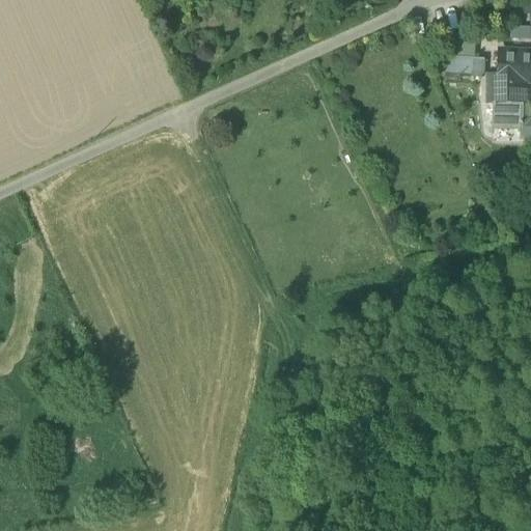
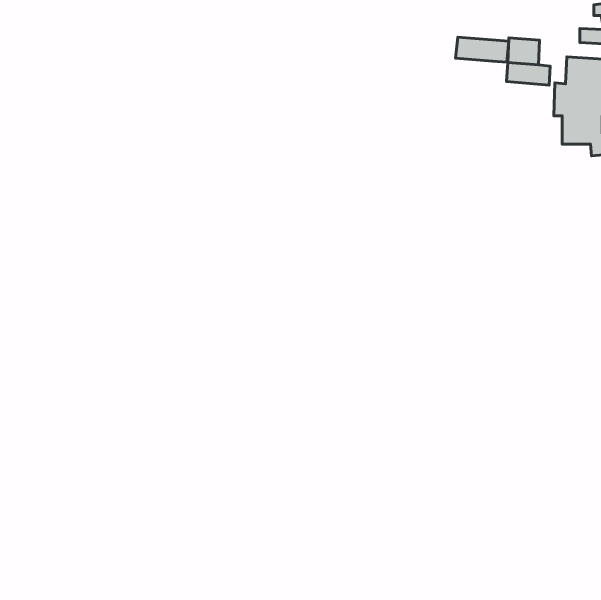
building: none -> [456,37,509,62]

